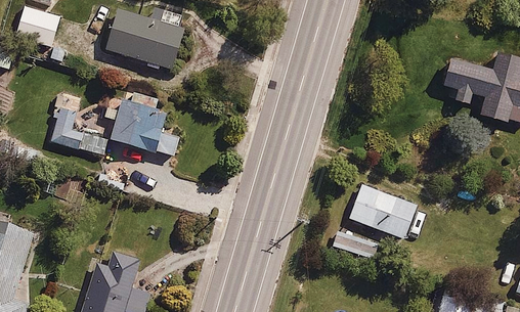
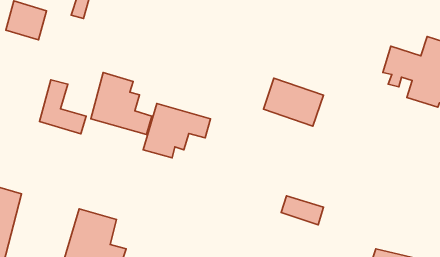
building: [106,9,186,74] -> none
building: none -> [143,104,210,158]
building: [349,183,419,238] -> [263,78,324,126]

